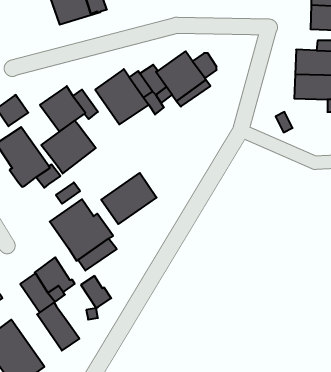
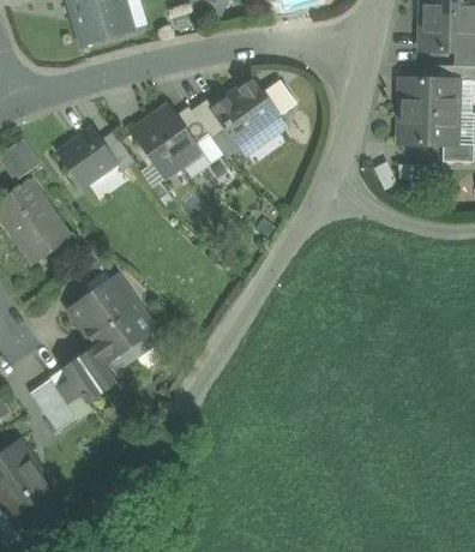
building: [41,121,96,174] -> none
building: [101,173,157,224] -> none
building: [81,276,111,308] -> [77,344,118,388]
building: [37,303,79,351] -> none

